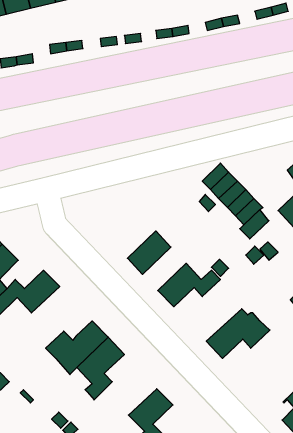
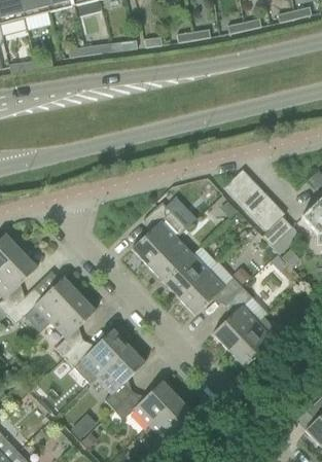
building: none -> [132,201,187,264]
building: none -> [164,253,208,297]
building: none -> [213,286,264,349]
building: none -> [50,293,96,356]
building: none -> [114,380,178,424]

